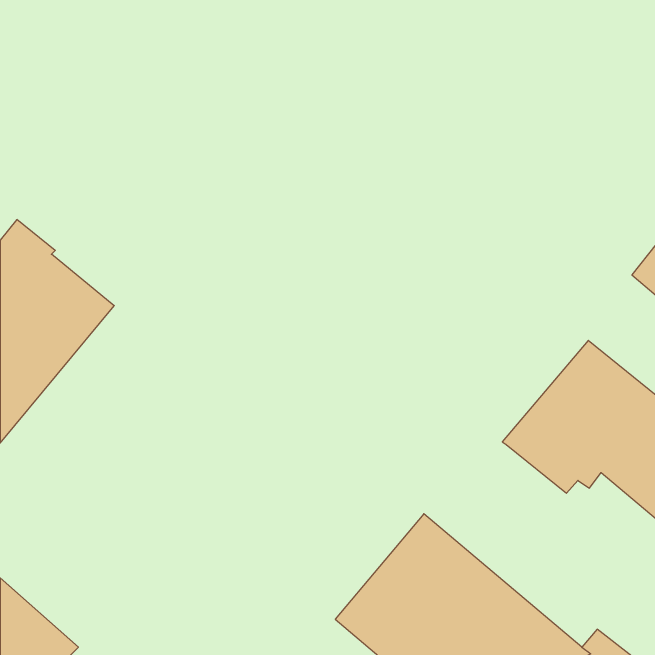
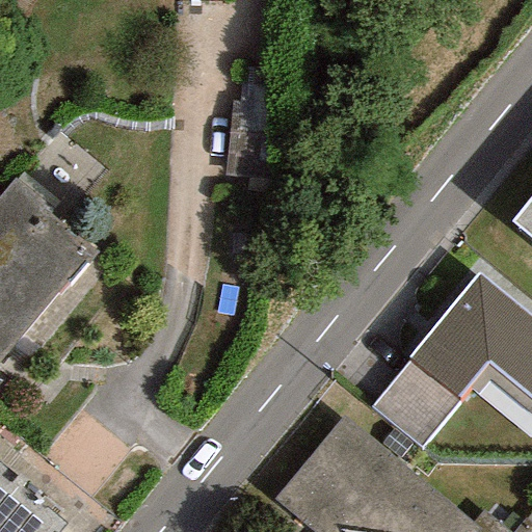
building: none -> [371,361,459,449]

